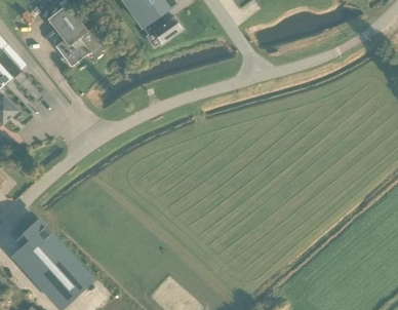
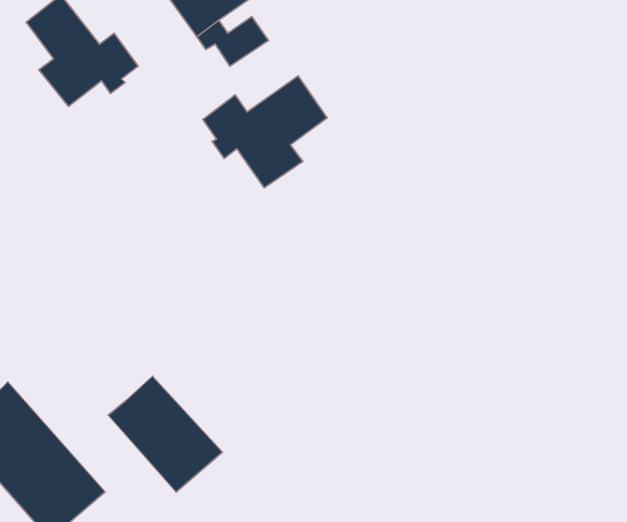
building: none -> [203,76,327,188]
building: none -> [108,376,222,492]

